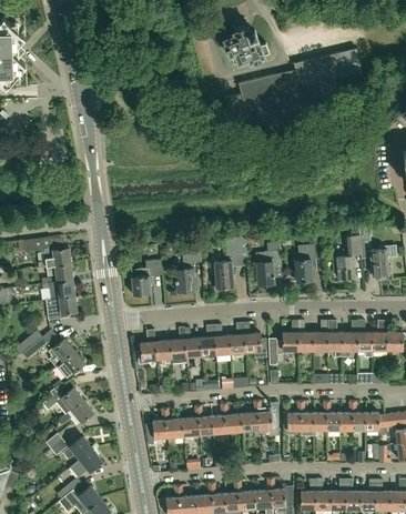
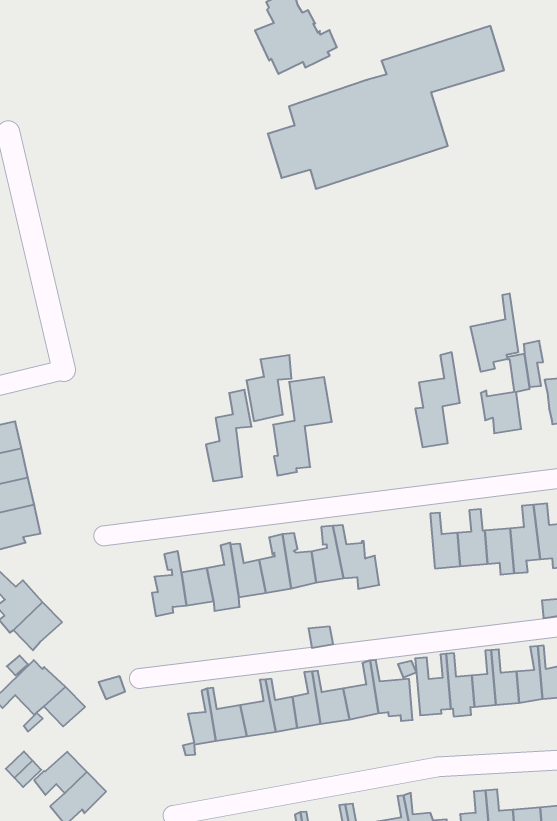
building: none -> [470,293,518,372]
building: [255,250,281,285] -> [246,355,292,421]
building: [131,260,162,296] -> none
building: [268,320,298,376] -> none

